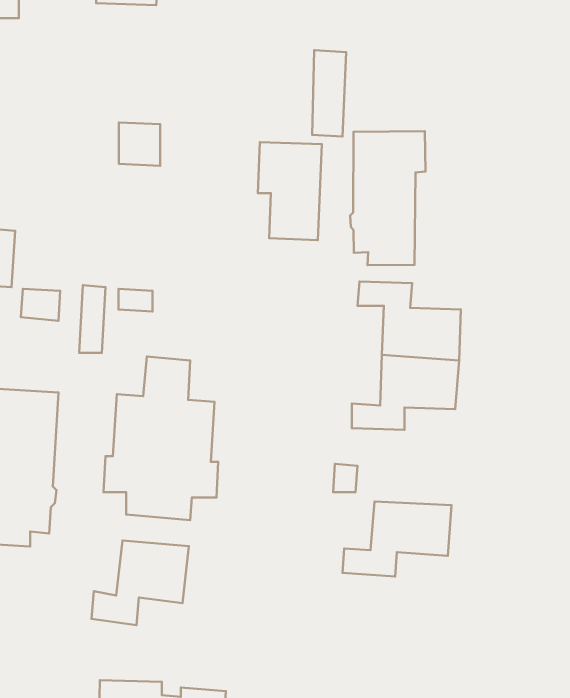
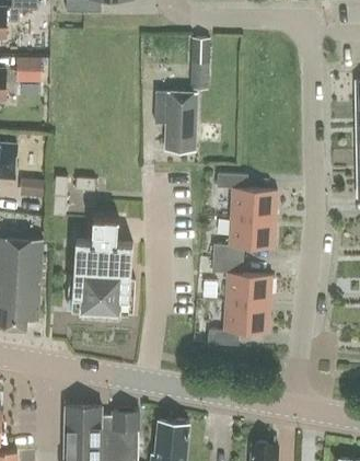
building: [119,122,160,166] -> [16,56,40,81]
building: [350,131,425,265] -> none
building: none -> [211,260,271,304]
building: [92,540,189,625] -> none

